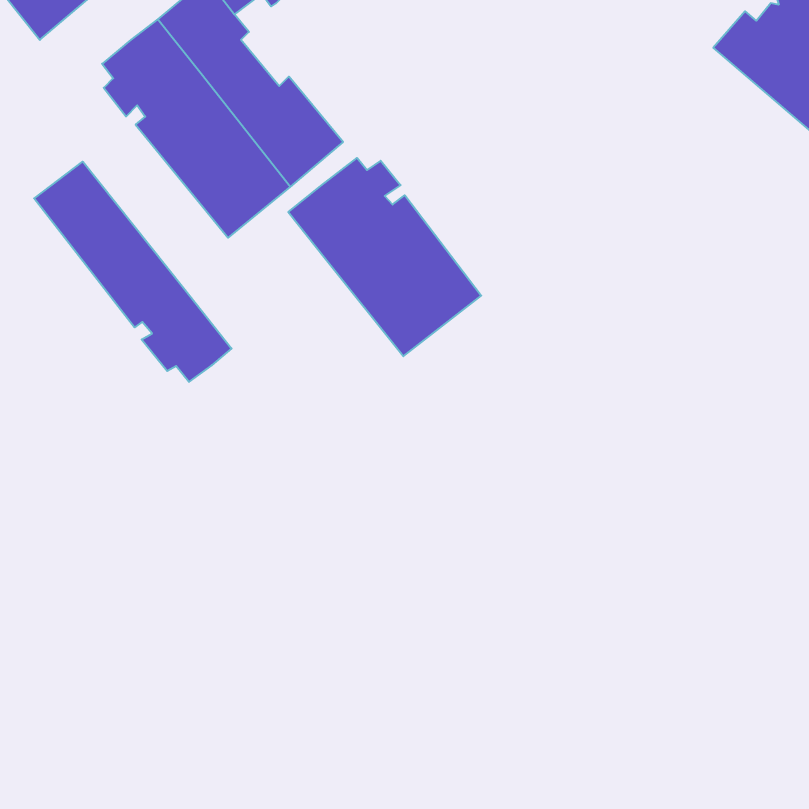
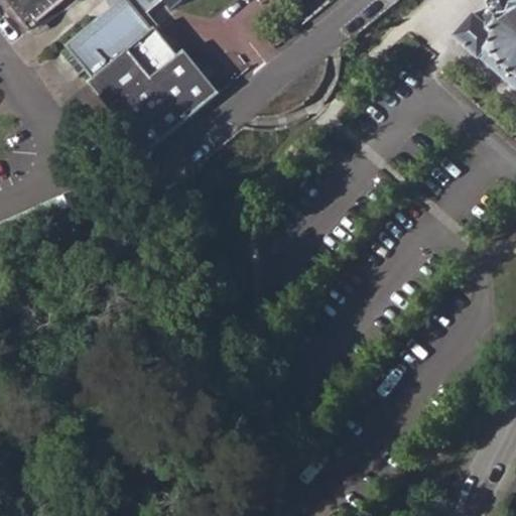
building: [288,158,481,356] -> none
building: [34,162,232,382] -> none

